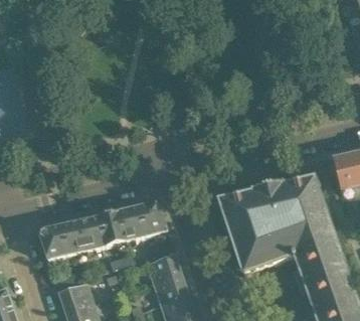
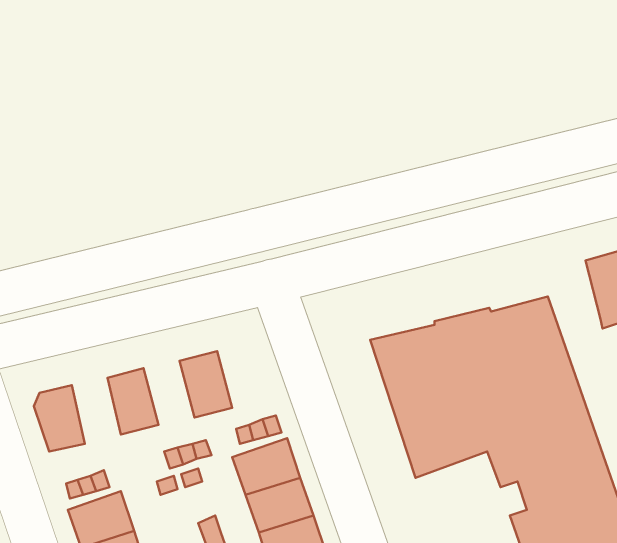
building: [137,201,166,235] -> none
building: [98,210,125,245] -> none
building: [59,219,85,255] -> none

